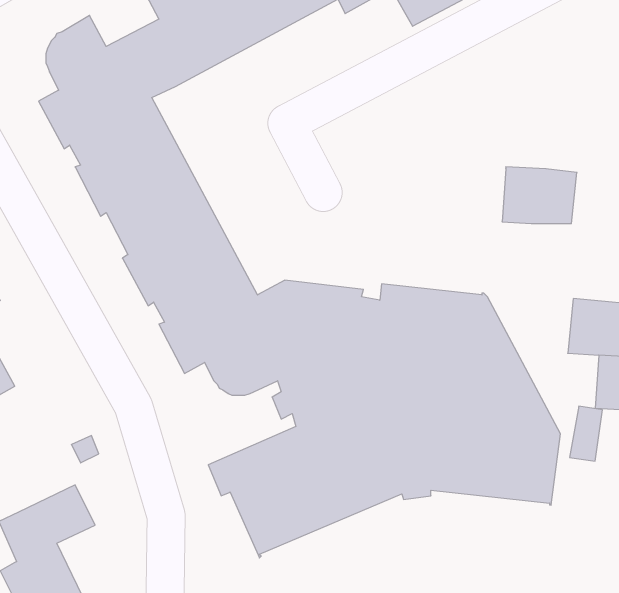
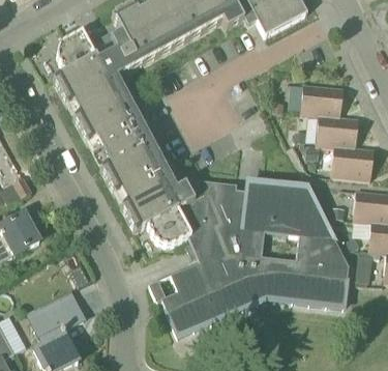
building: none -> [300,84,342,116]
building: none -> [330,147,374,179]

